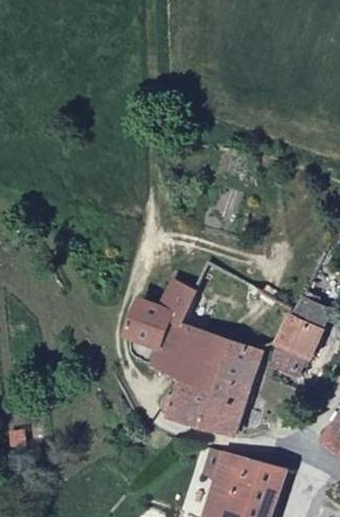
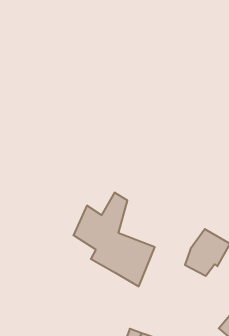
building: [162,343,263,436] -> none

